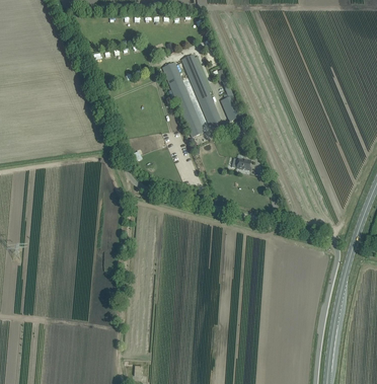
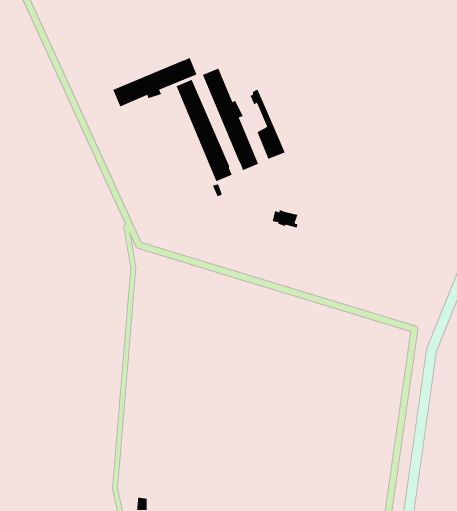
building: none -> [112,57,198,107]

